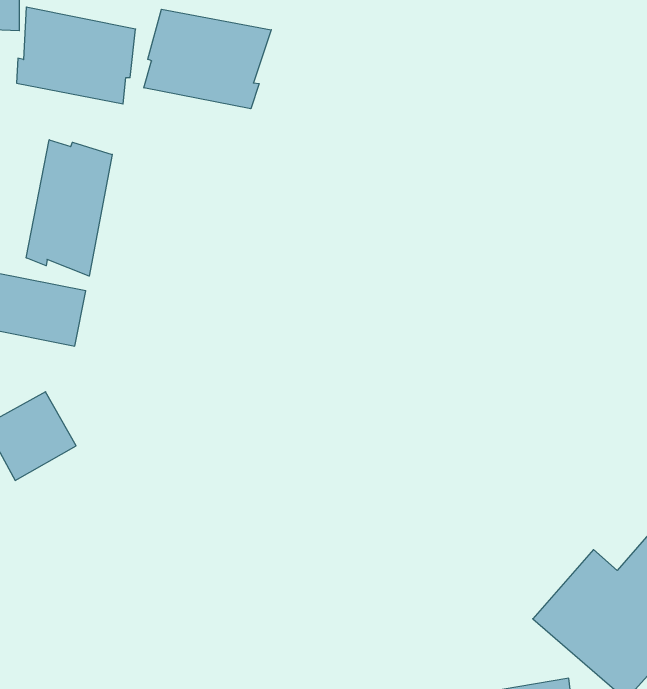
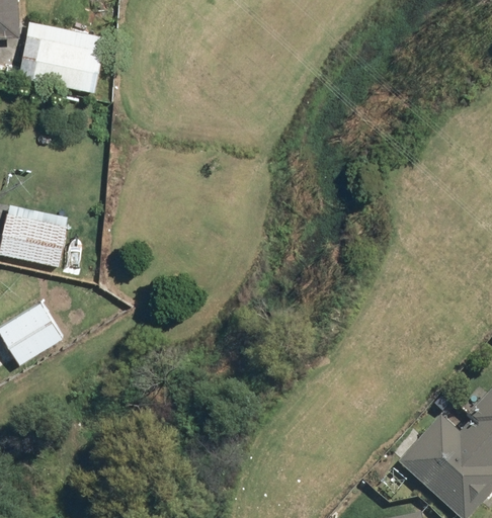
building: [144,9,271,109] -> none
building: [26,140,112,276] -> none

